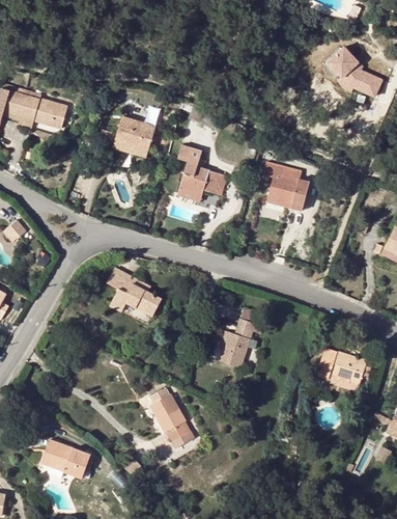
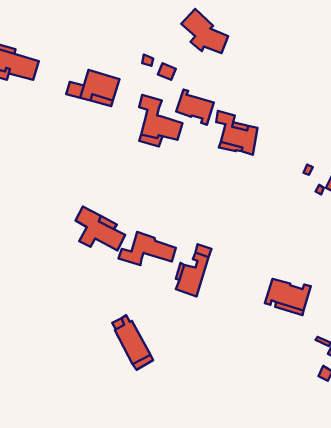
building: [329,50,380,99] -> [181,9,228,53]
building: none -> [176,89,214,125]
building: none -> [118,232,176,265]
building: [41,439,91,477] -> none

